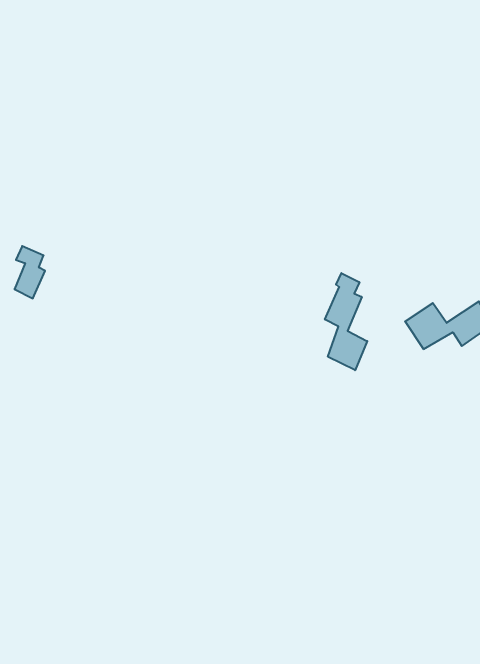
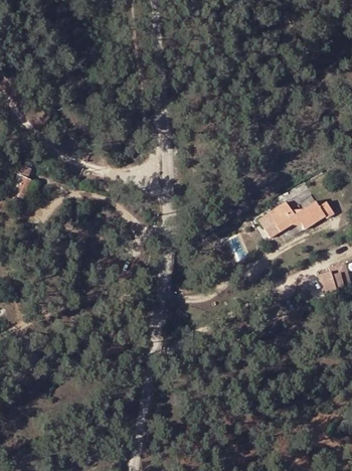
building: [325,273,367,370] -> none

